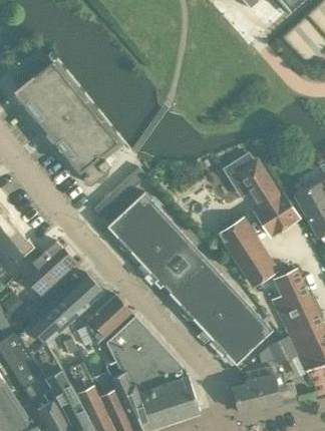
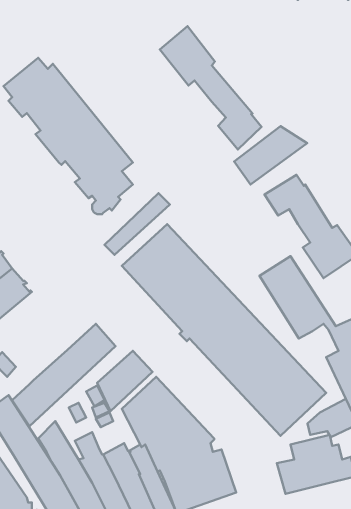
building: none -> [160,26,261,150]
building: none -> [234,126,307,184]
building: [20,241,77,323] -> none

